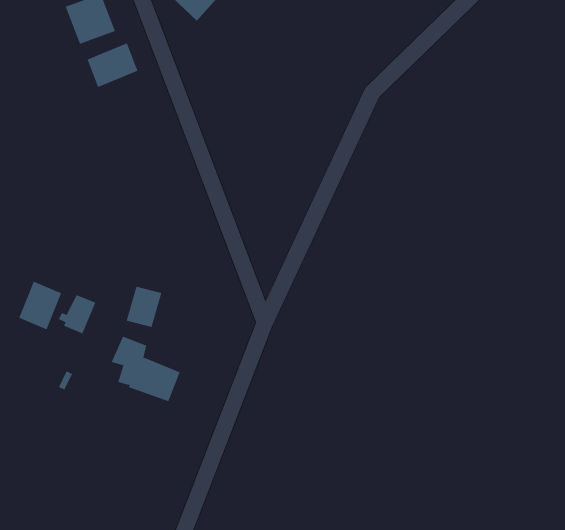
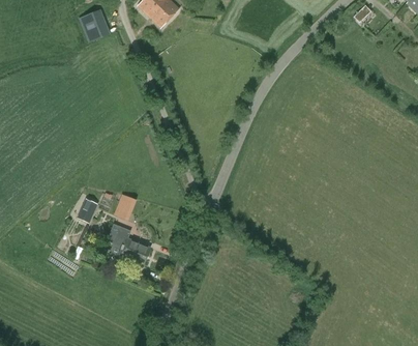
building: [87,43,138,88] -> none
building: [19,281,62,330] -> none

